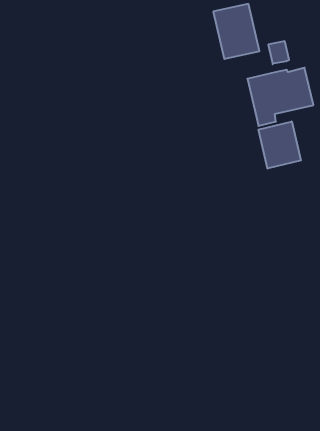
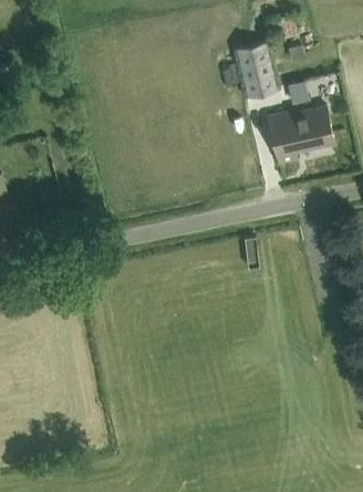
building: [259,121,301,169] -> none

